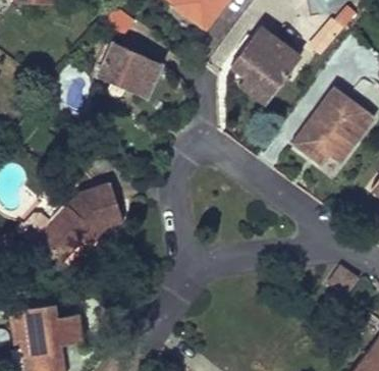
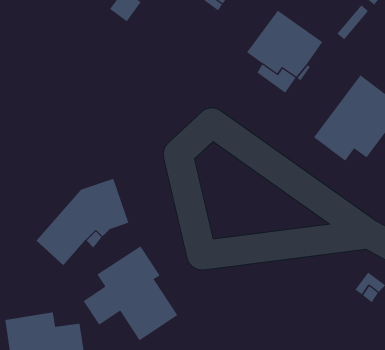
building: [96,42,163,99] -> none
building: none -> [83,246,178,341]

